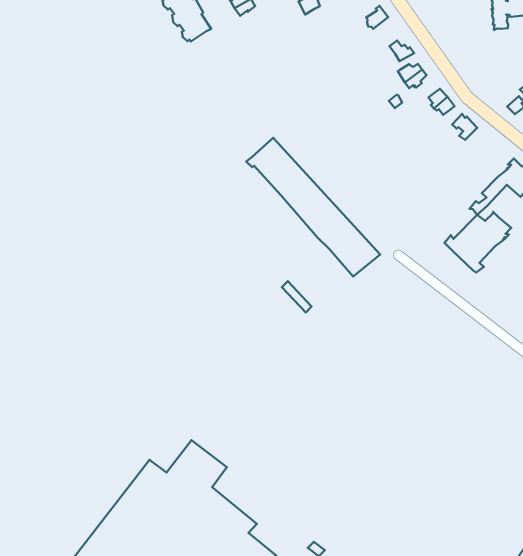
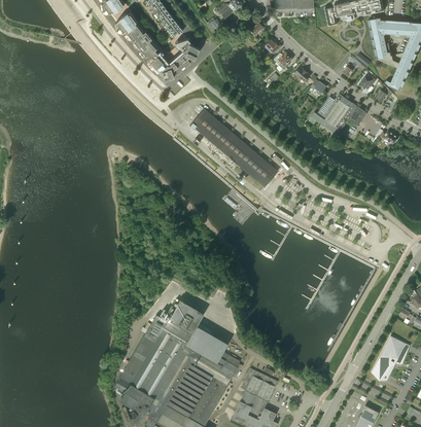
building: none -> [146,39,199,81]
building: [445,212,511,273] -> [312,95,351,133]

